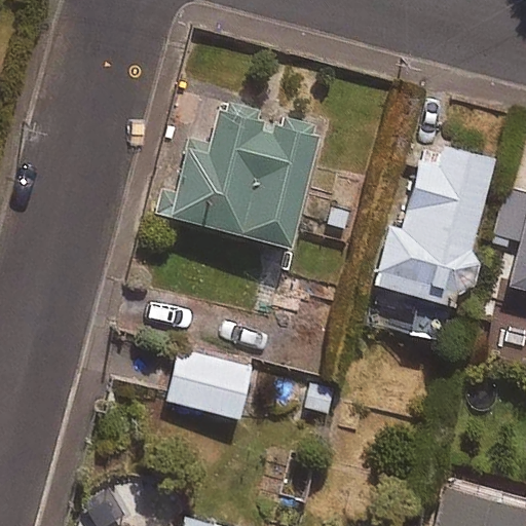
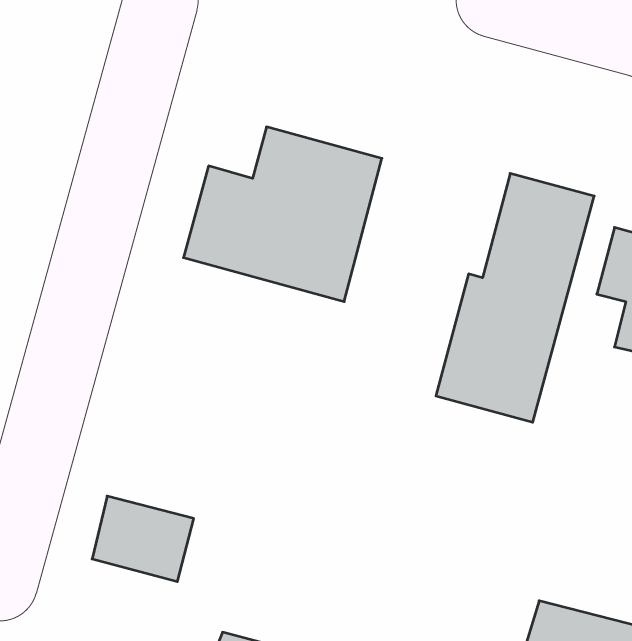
building: [174,349,257,419] -> [92,496,194,582]

